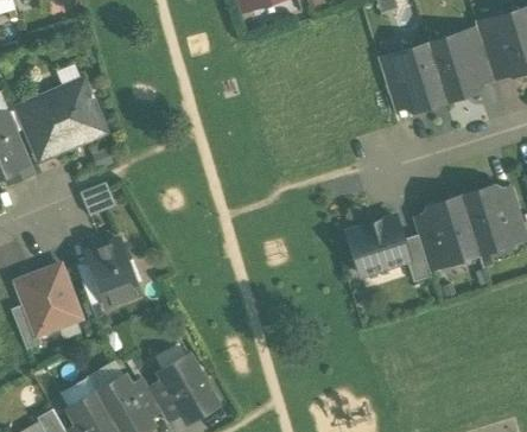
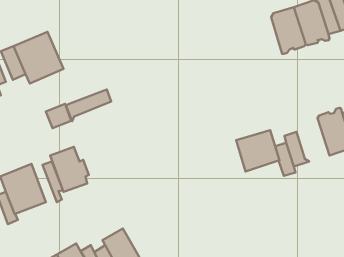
building: [379,52,408,102] -> none
building: none -> [66,89,111,121]
building: [428,197,478,260] -> none

